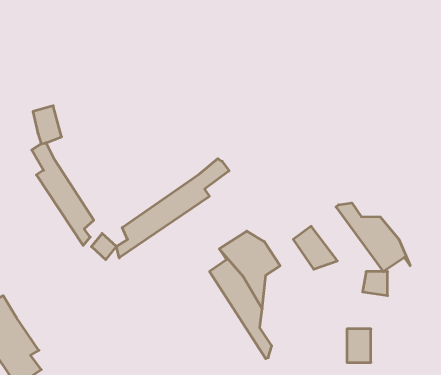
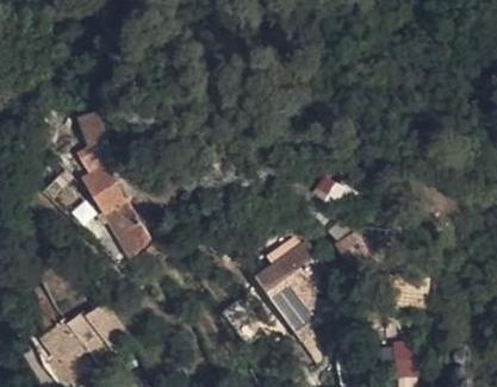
building: [116,159,229,258] -> none
building: [336,203,410,272] -> none
building: none -> [61,304,124,354]

